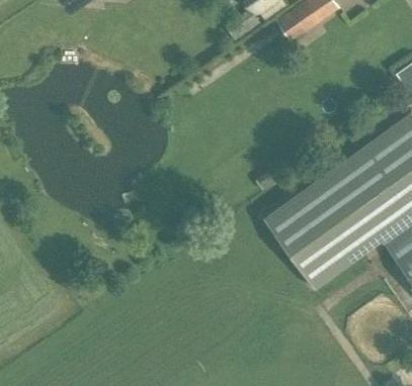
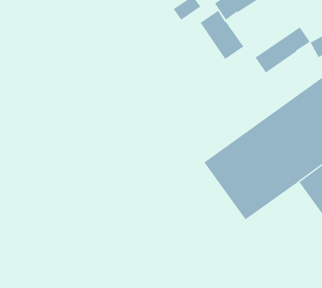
building: none -> [200,10,244,60]
building: none -> [255,27,310,73]

